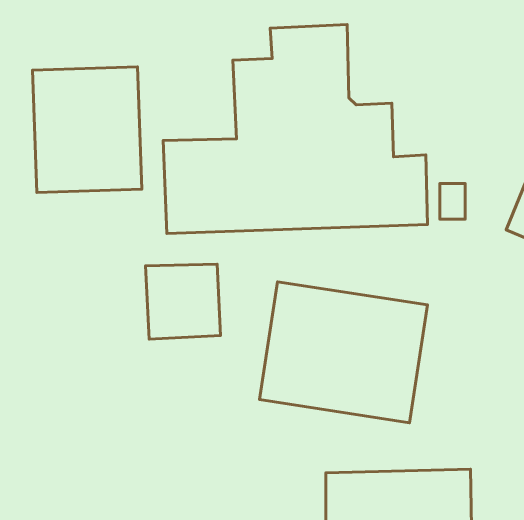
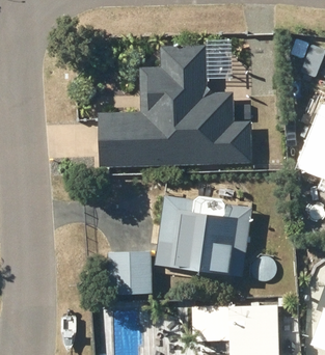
building: [33,67,142,192] -> none
building: [146,264,221,339] -> [108,250,152,294]

